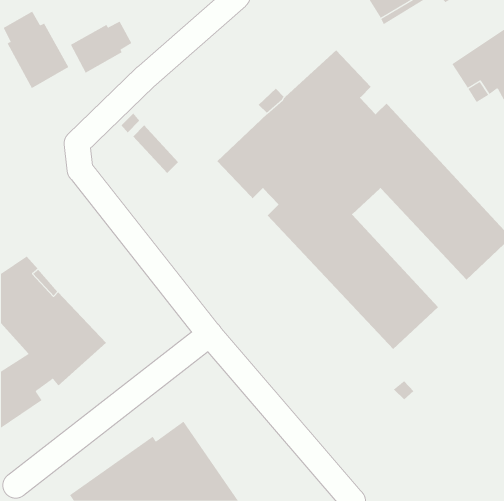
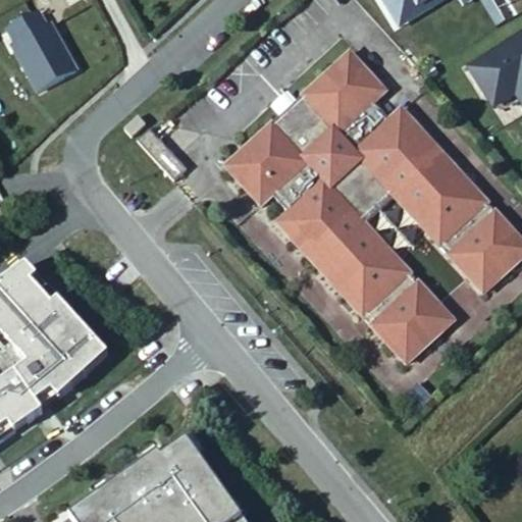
building: [70,21,132,73] -> none

